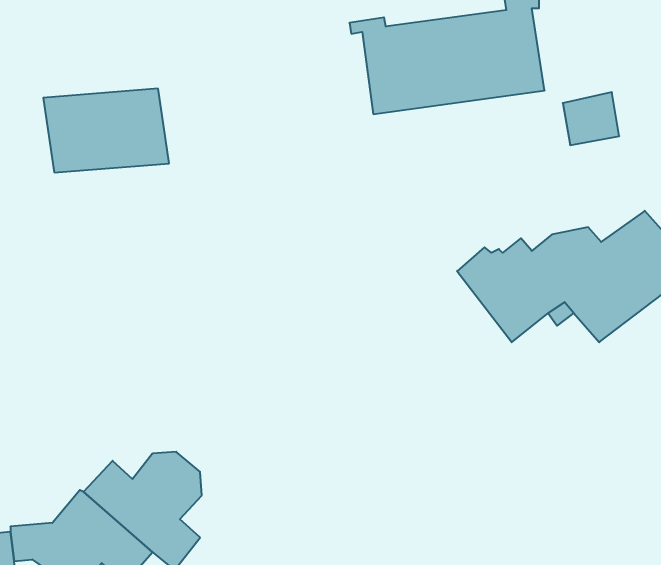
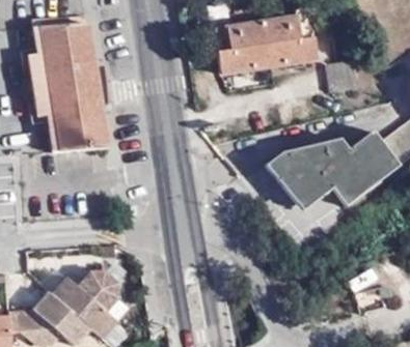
building: none -> [30,21,97,67]
building: none -> [37,105,109,150]

